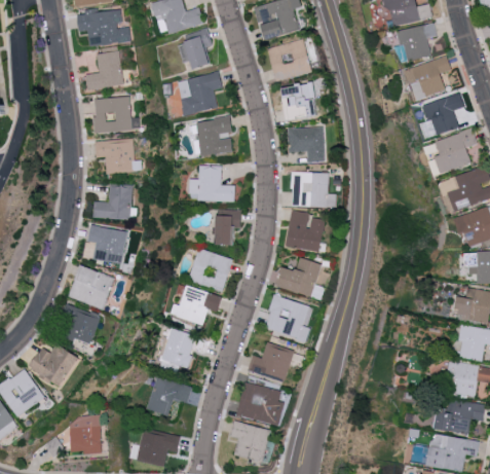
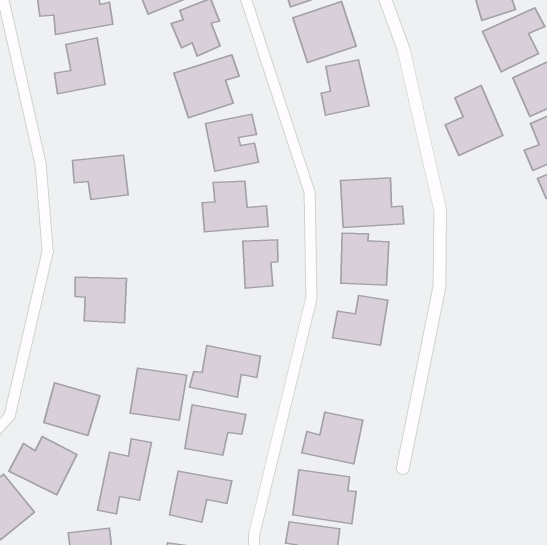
building: [93,97,131,132] -> none
building: none -> [445,86,503,156]
building: [288,126,324,162] -> none
building: [91,183,130,219] -> none
building: [186,247,232,291] -> none
building: [70,266,114,307] -> [130,368,187,420]
building: [264,295,309,341] -> none
building: none -> [98,439,151,514]

